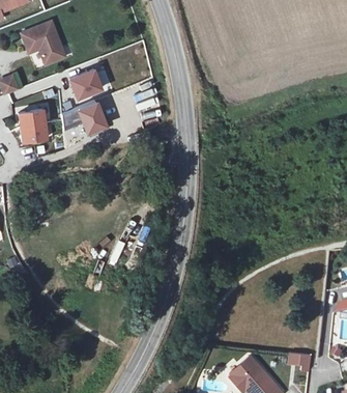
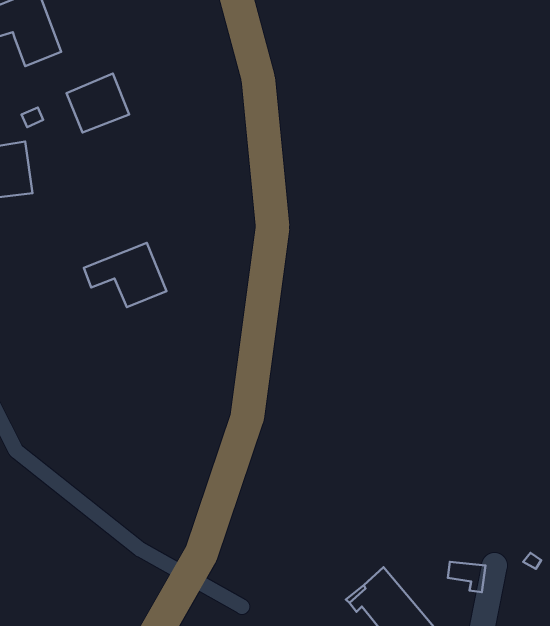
building: [60,101,108,138] -> [84,243,166,307]

